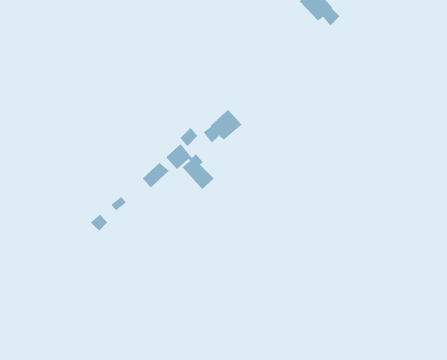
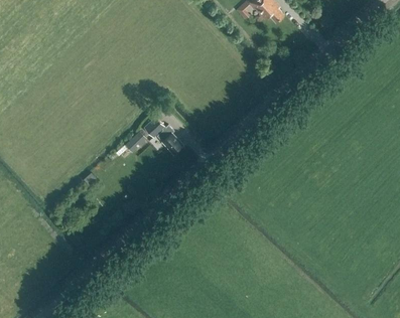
building: [203,109,243,143] -> none

